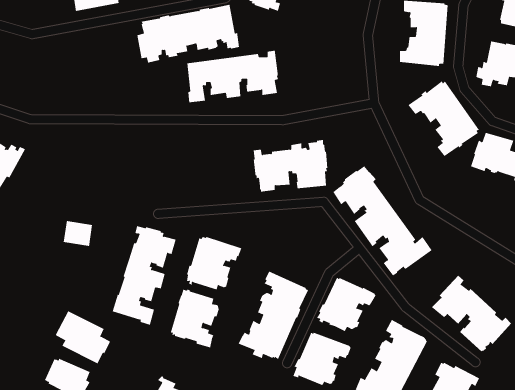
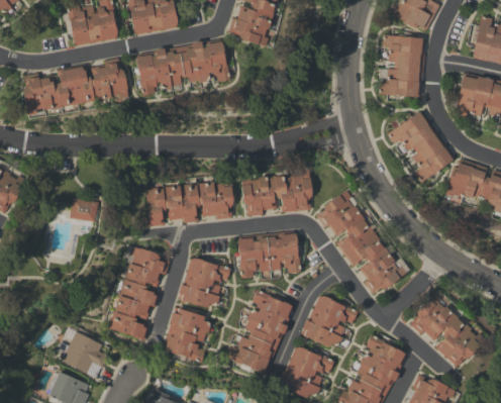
building: none -> [23,59,129,116]
building: [186,50,279,103] -> [146,178,233,227]
building: none -> [237,231,301,278]
building: [63,221,93,246] -> [70,198,98,222]

